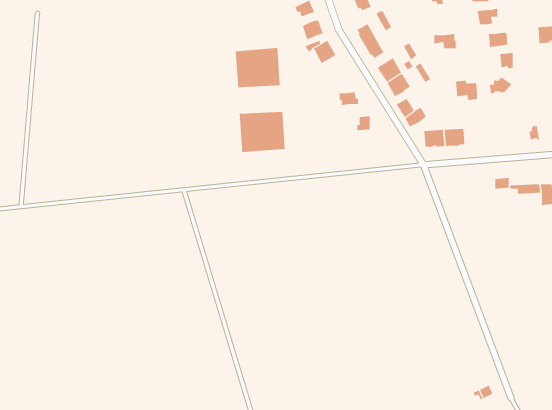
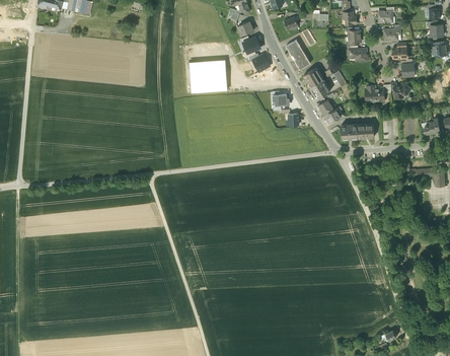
building: [239,111,285,153] -> none

